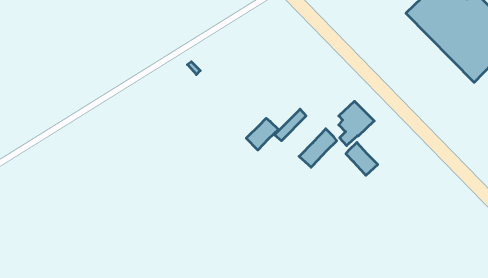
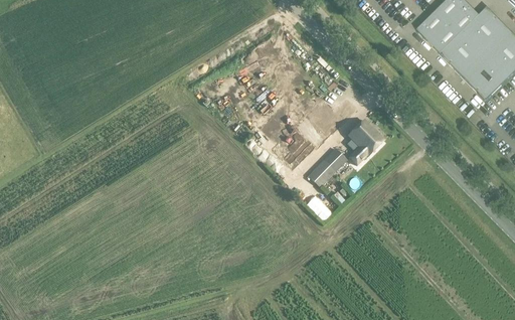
building: [246,118,278,150] -> none
building: [346,142,378,175] -> none

